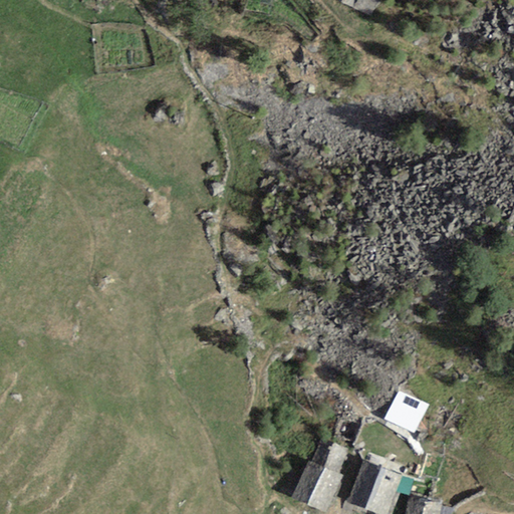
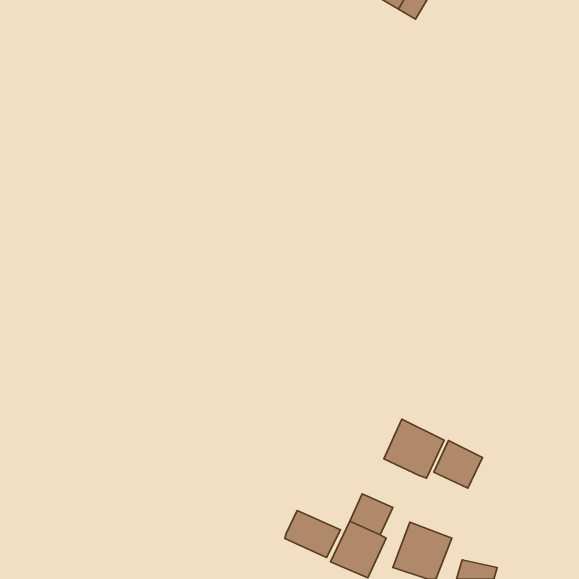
building: none -> [384,419,444,478]
building: none -> [285,511,341,557]

